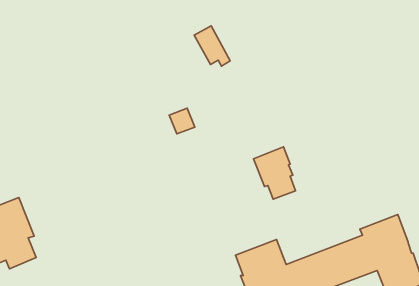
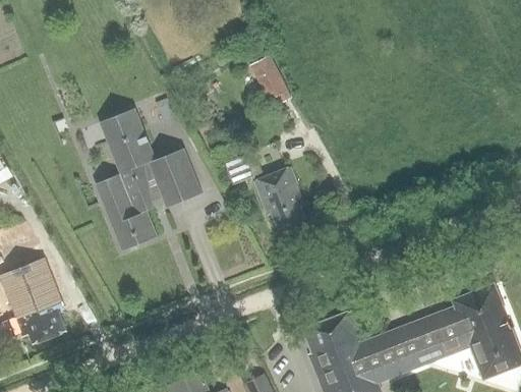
building: none -> [95,108,202,251]
building: [253,147,295,199] -> [253,166,303,228]

